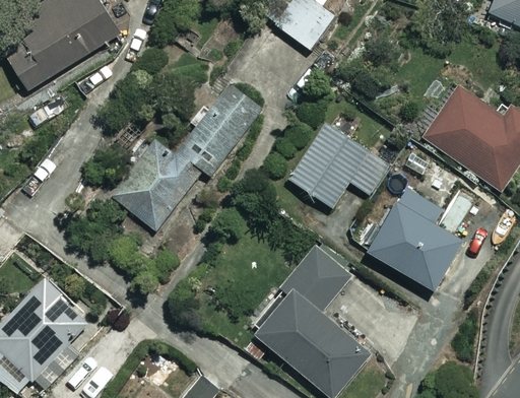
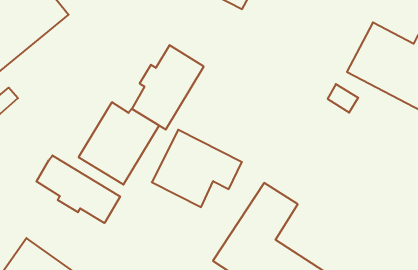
building: [284,122,388,211] -> [152,130,242,207]
building: [365,186,465,292] -> none
building: none -> [36,155,120,223]

